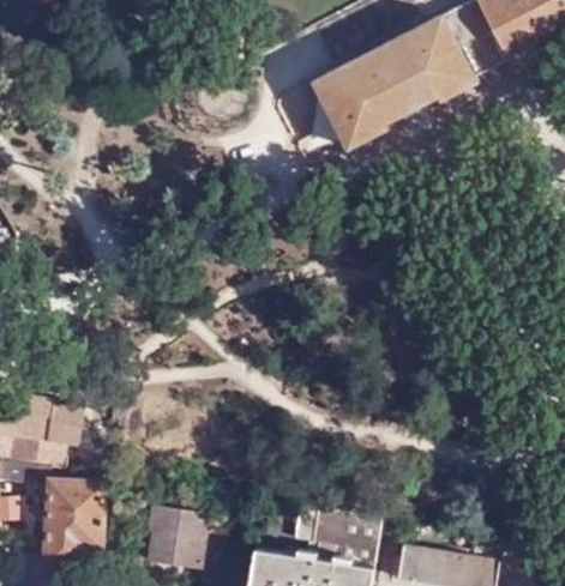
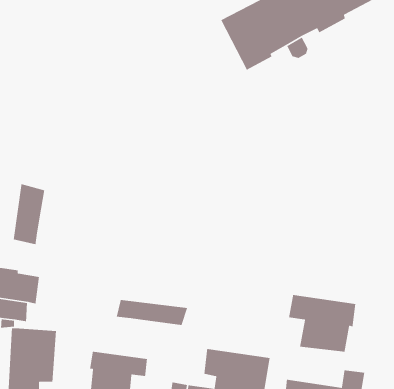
building: none -> [13,183,45,245]
building: none -> [288,294,356,353]
building: none -> [116,299,188,326]

